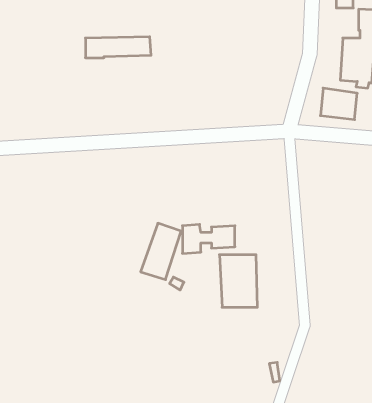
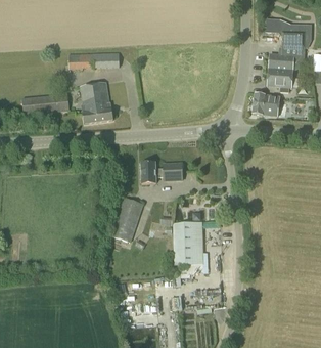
building: none -> [81,83,113,125]
building: none -> [22,94,70,116]
building: [182,224,235,253] -> [141,162,182,184]

